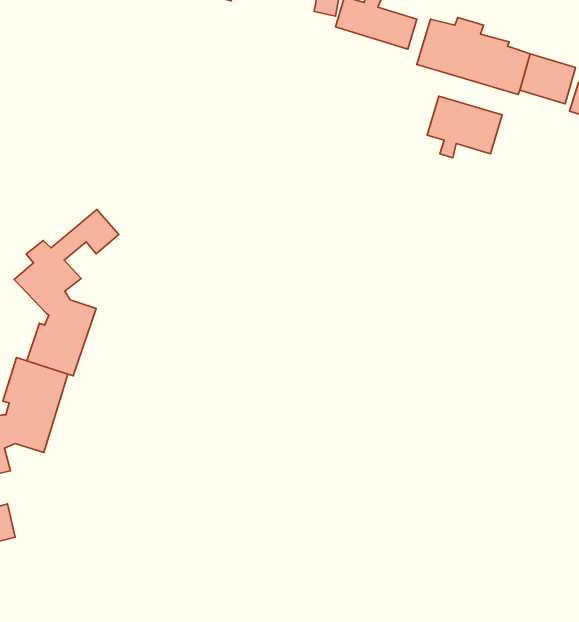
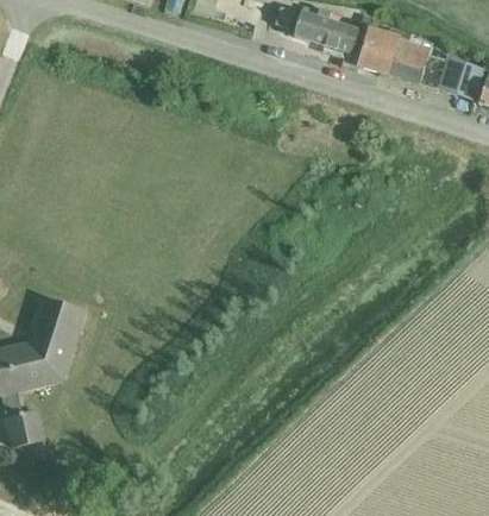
building: [427,96,502,158] -> none
building: [14,209,119,376] -> none

